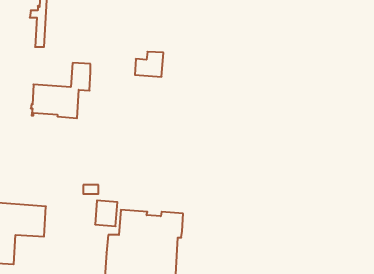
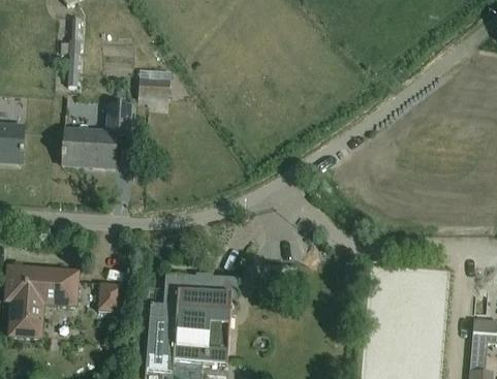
building: [135,52,163,77] -> [136,69,169,98]
building: [95,200,117,226] -> [96,281,122,311]

